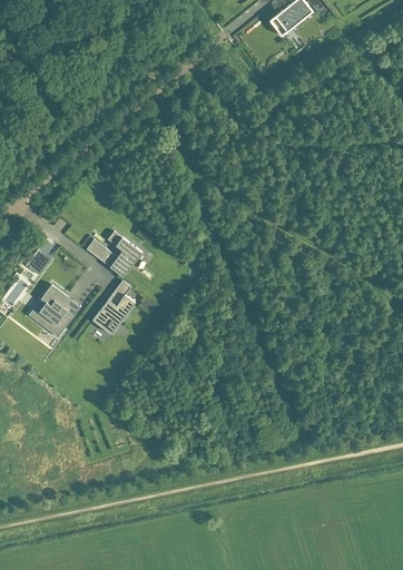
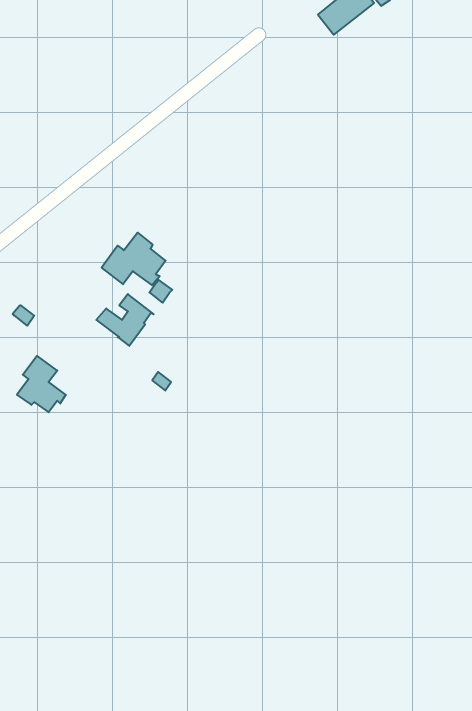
building: none -> [102,233,166,285]
building: [91,294,135,328] -> none

